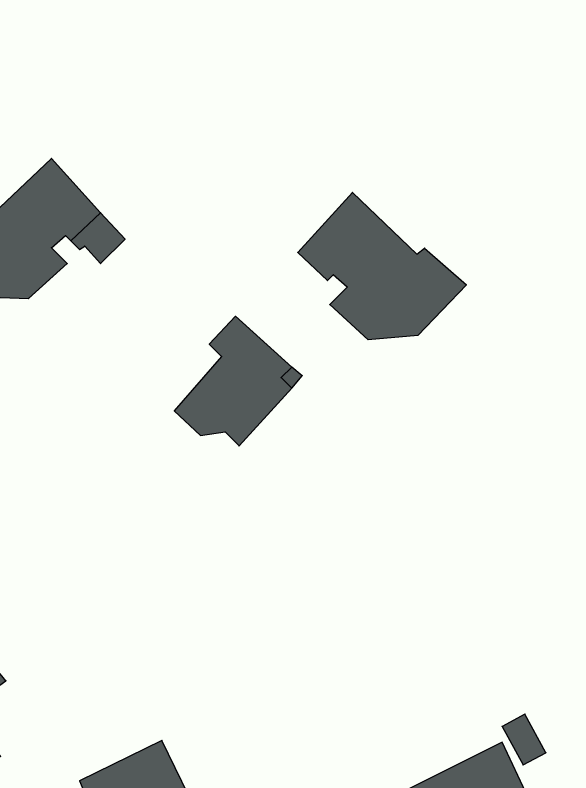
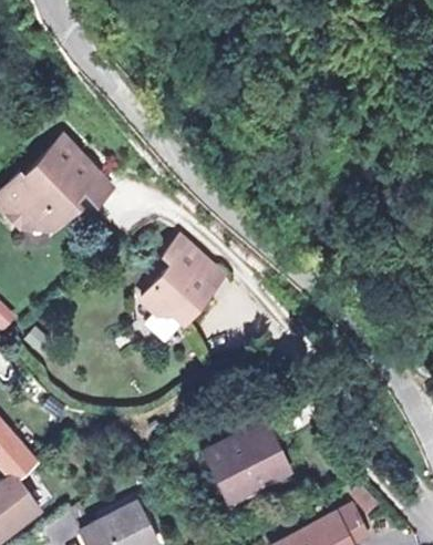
building: [298,192,466,340] -> none
building: none -> [204,419,295,492]

